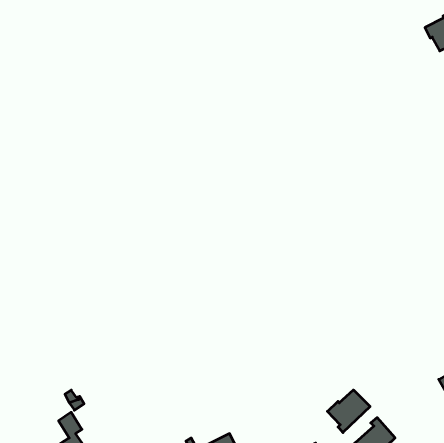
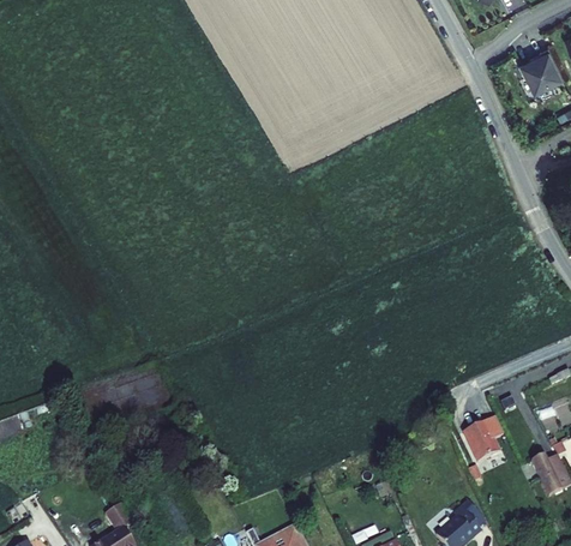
building: none -> [464,416,506,462]
building: [327,390,370,433] -> none

